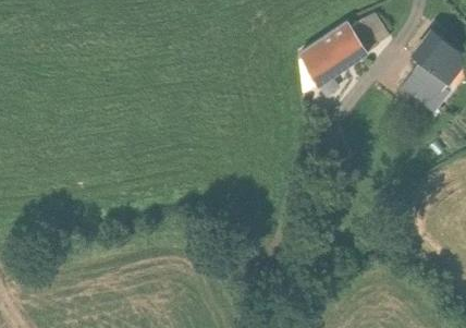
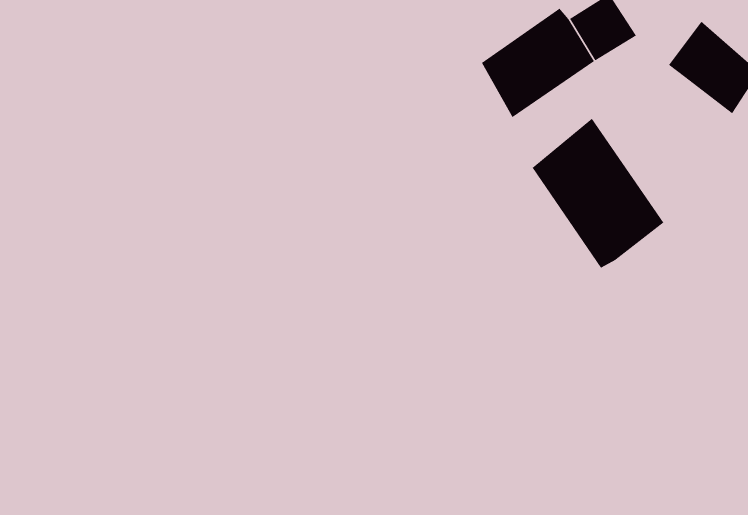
building: [401,65,447,111] -> none
building: none -> [532,118,664,269]

